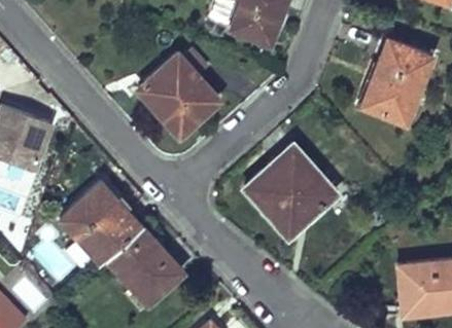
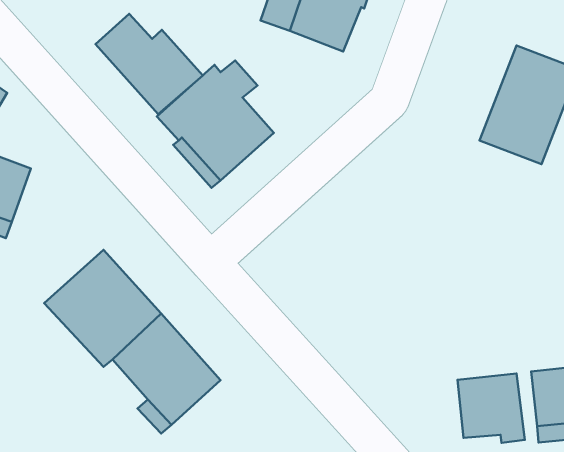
building: none -> [95,14,203,114]
building: [246,146,336,232] -> none
building: none -> [458,373,525,443]

